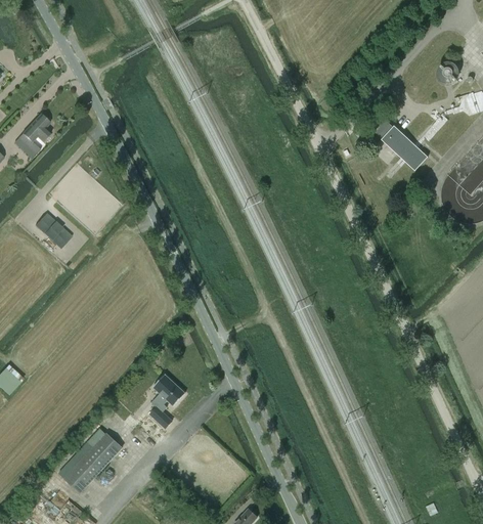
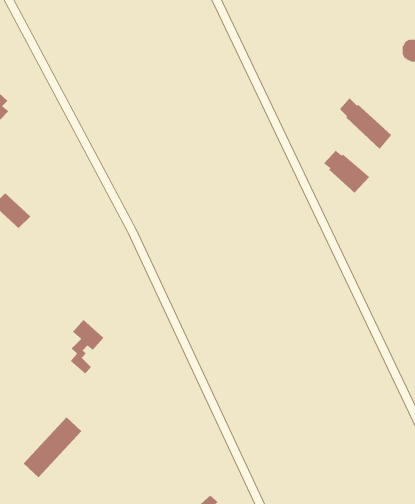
building: none -> [323,150,370,193]
building: [150,374,184,428] -> [70,319,104,374]

